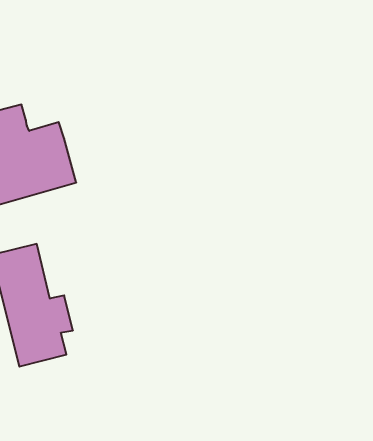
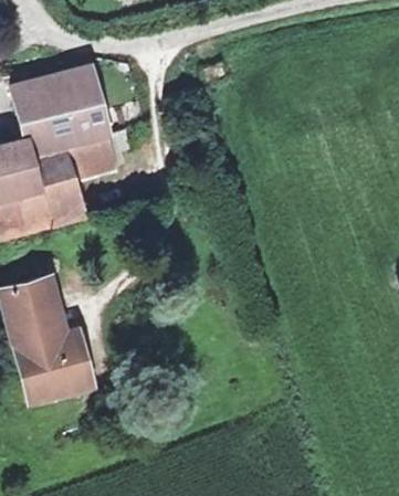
building: none -> [14,65,112,152]
building: none -> [67,137,117,171]

